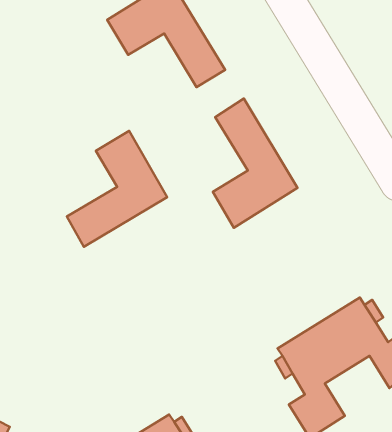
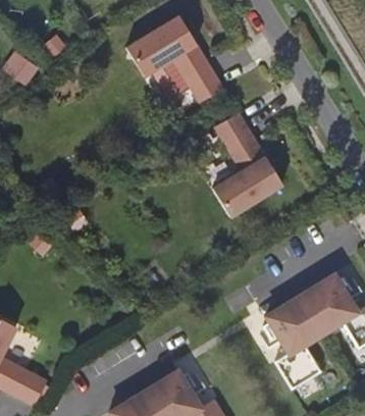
building: [67,131,167,247] -> none

